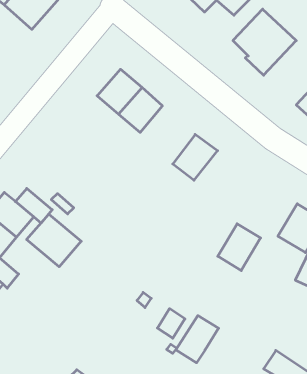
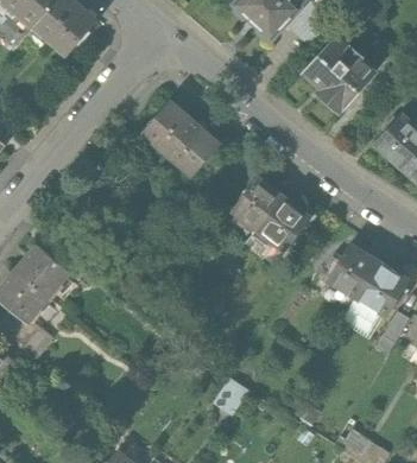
building: none -> [254,197,307,252]
building: [27,214,81,267] -> none
building: [218,224,261,271] -> [324,242,374,297]
building: [176,316,219,363] -> none

